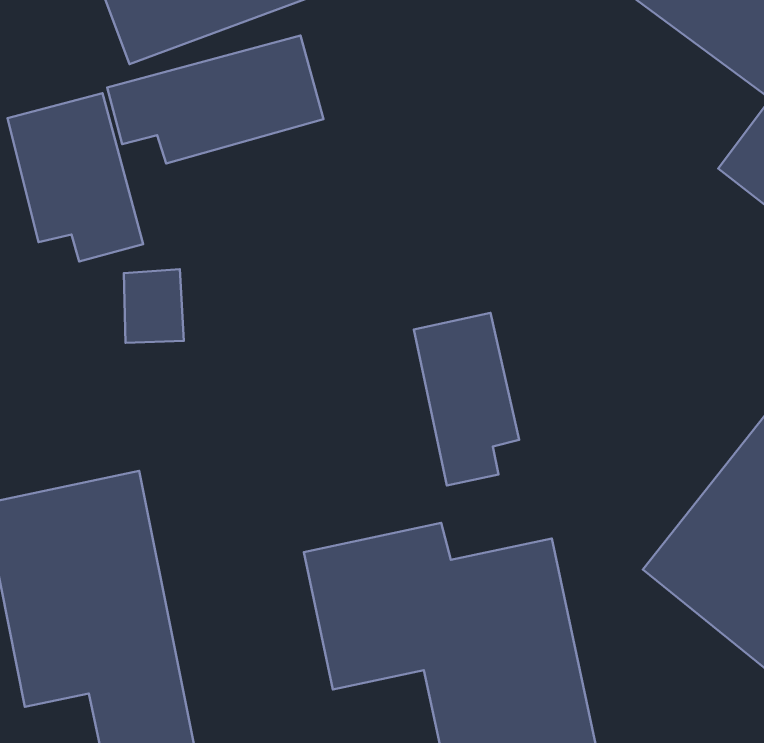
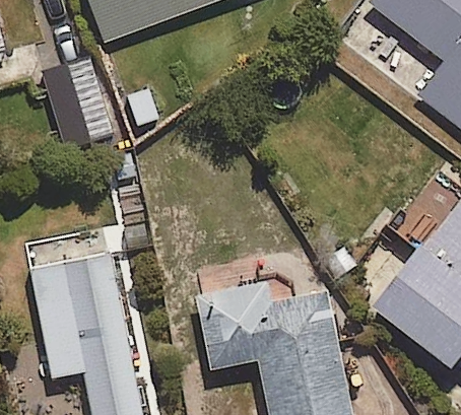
building: [107,36,323,164] -> none
building: [414,313,519,485] -> none

